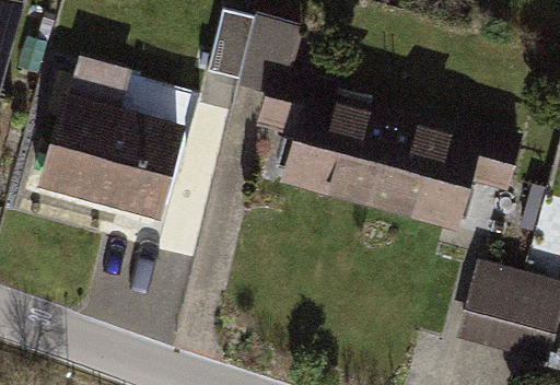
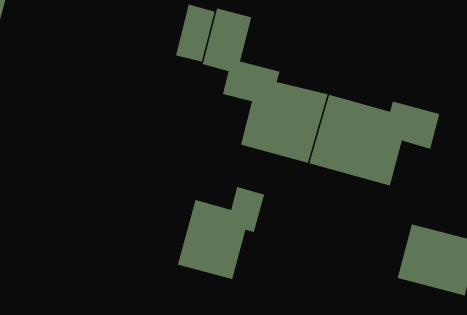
building: [45,65,173,207] -> none
building: none -> [177,186,265,280]

